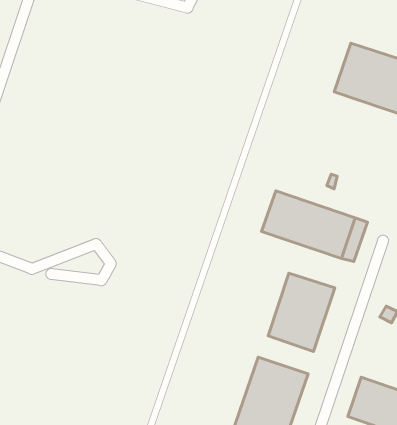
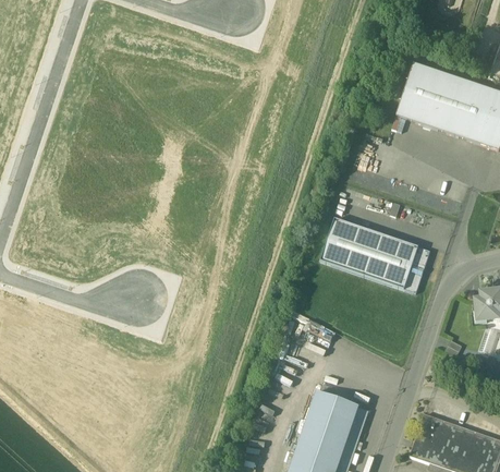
building: [268,273,335,351] -> none

